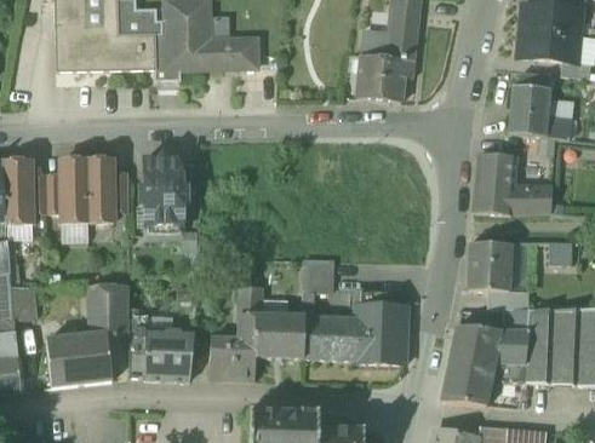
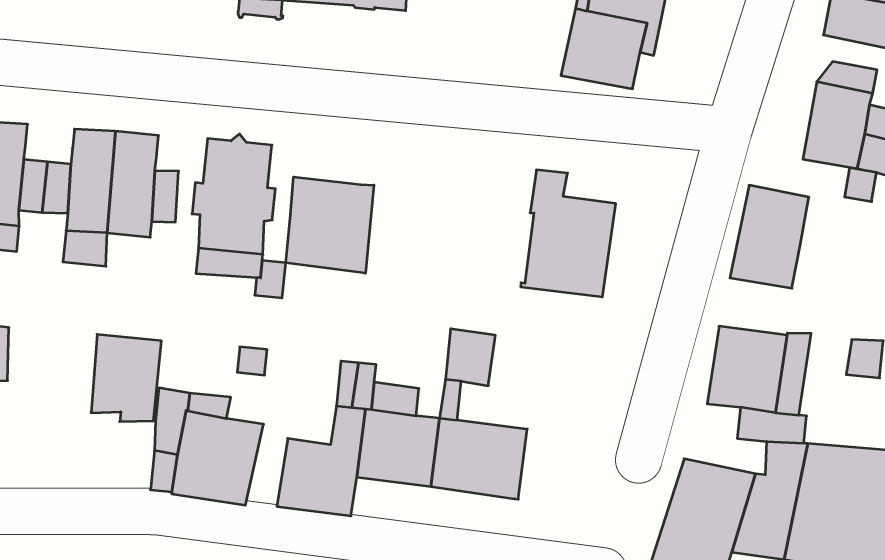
building: none -> [286,177,374,273]
building: [511,185,553,212] -> none
building: [354,289,407,363] -> [521,170,616,297]
building: [46,330,111,386] -> none

